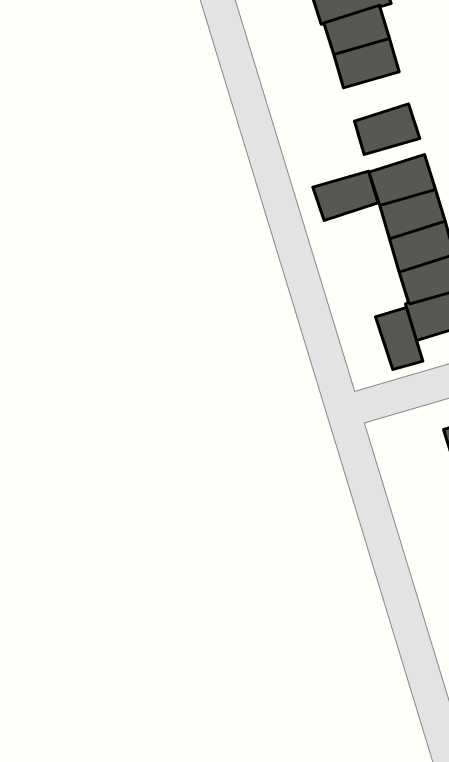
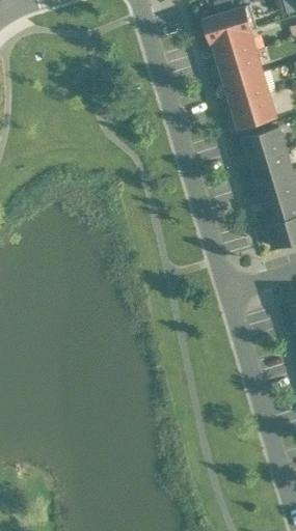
building: [313,171,378,220] -> [225,73,268,105]
building: [375,308,423,370] -> none

